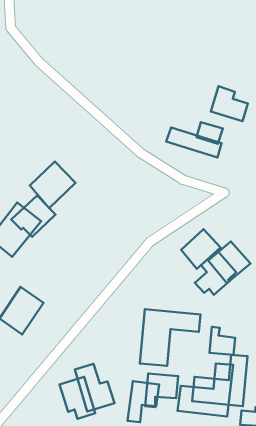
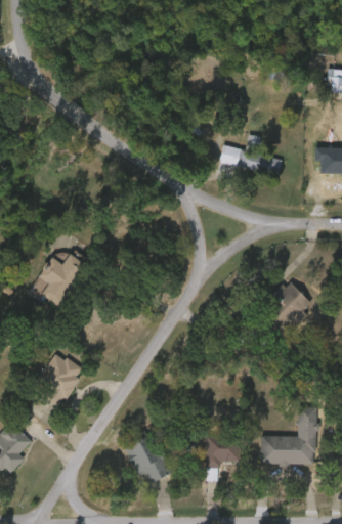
building: [211,86,248,121] -> none
building: [30,162,75,208] -> none
building: [181,229,220,269] -> none
building: [140,309,200,366] -> none
building: [209,327,235,355] -> none

